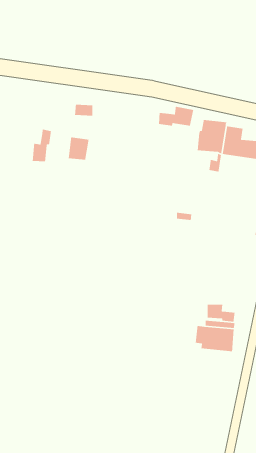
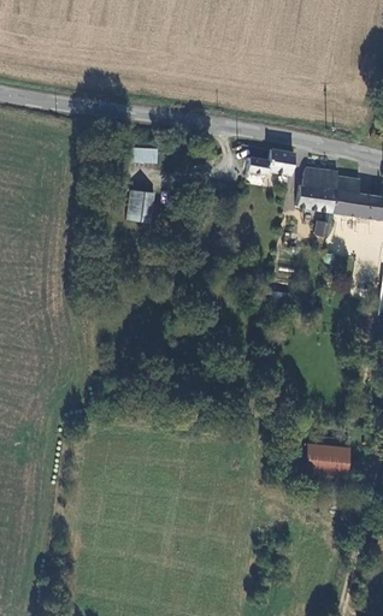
building: [32,129,52,162] -> none
building: [207,304,236,323] -> none

